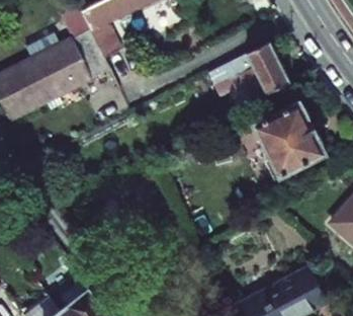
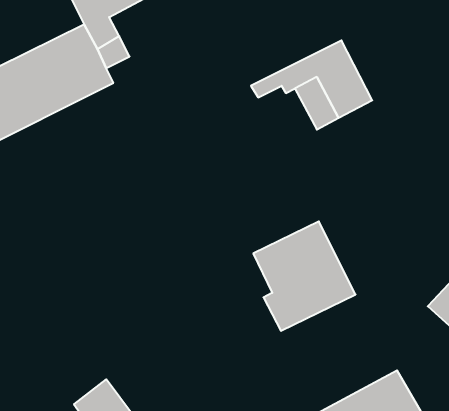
building: [248,102,319,178] -> [253,221,356,331]

